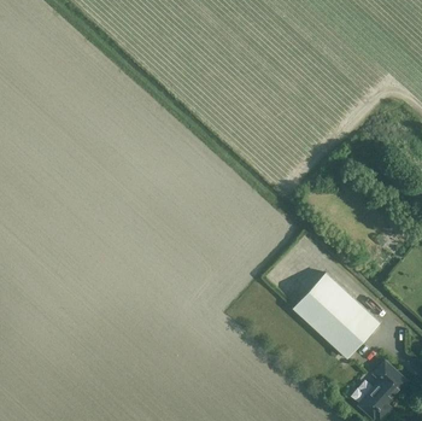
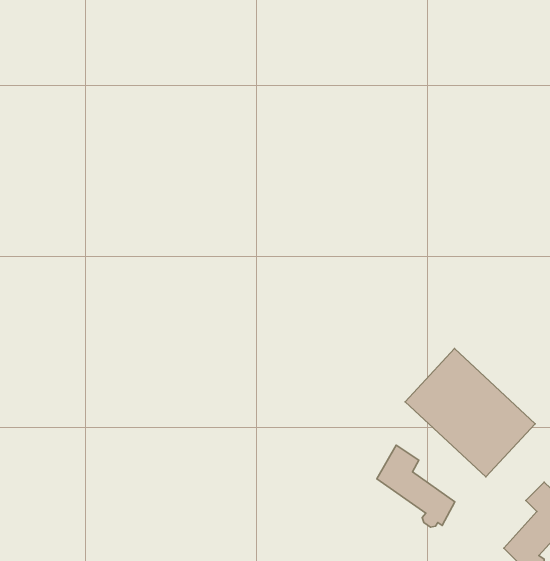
building: none -> [377,445,455,527]

